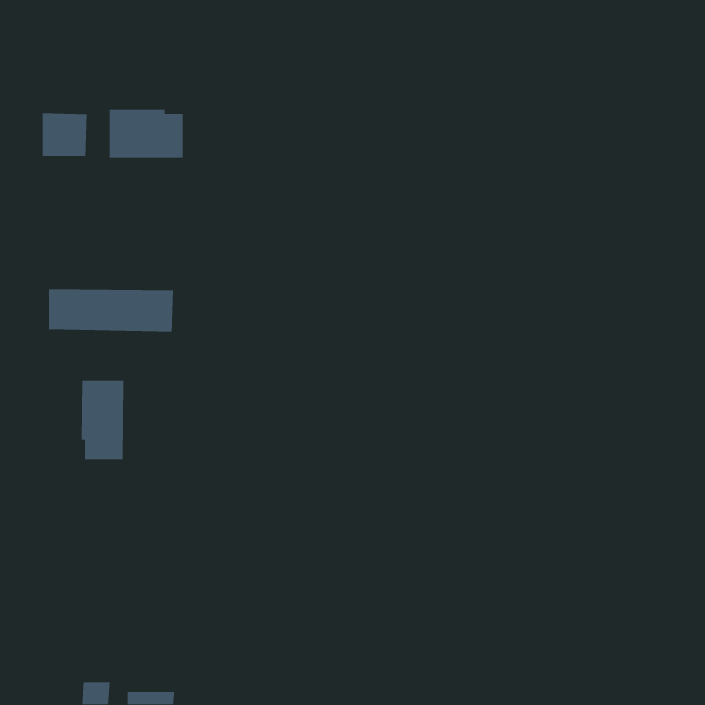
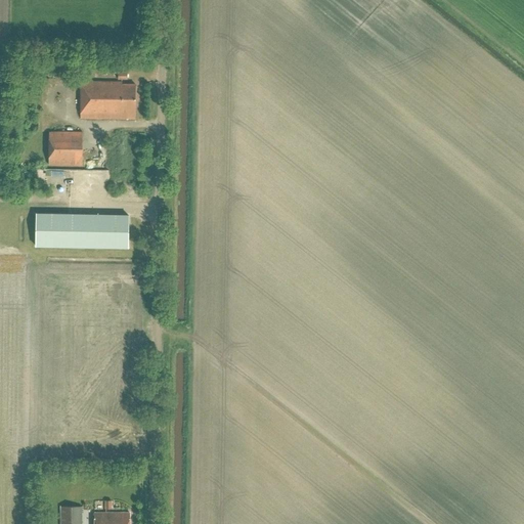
building: [42,113,88,157] -> [49,132,83,165]
building: [81,380,124,460] -> none

